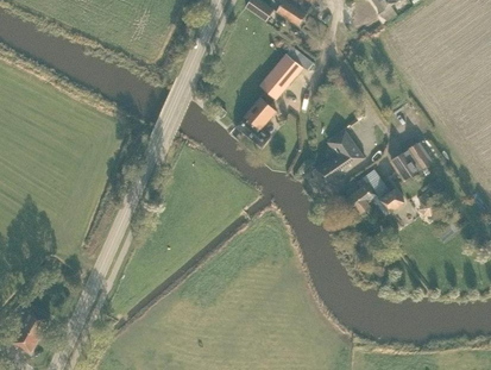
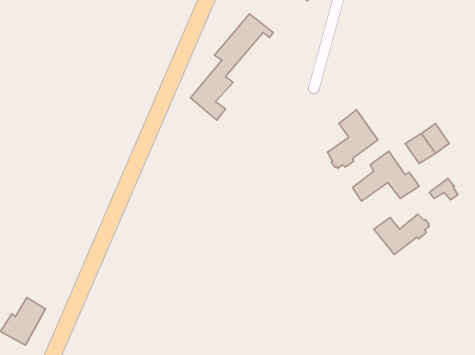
building: [237,45,315,146] -> [191,14,273,120]
building: none -> [374,214,429,254]

